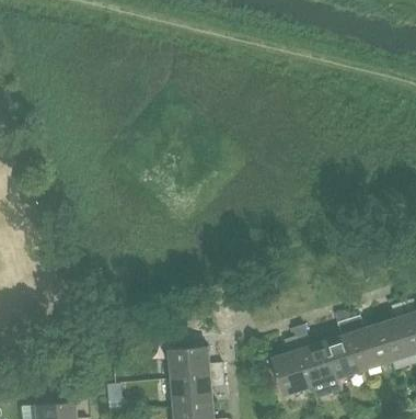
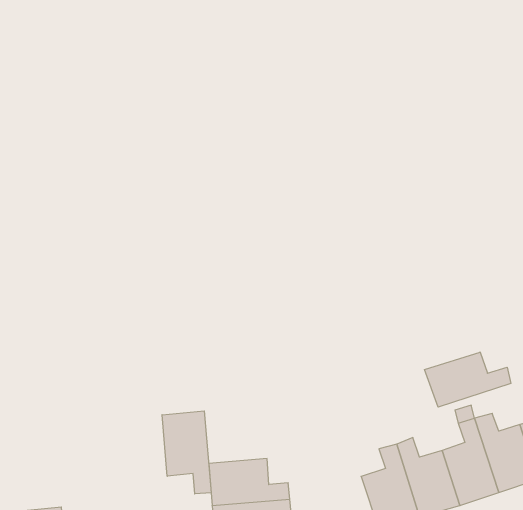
building: none -> [425,352,511,407]
building: none -> [162,411,211,494]

